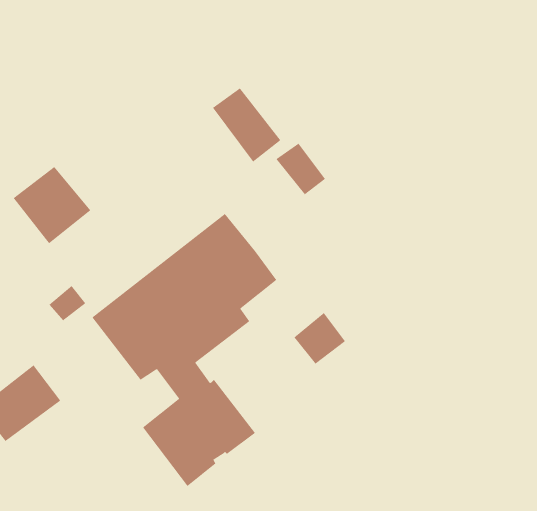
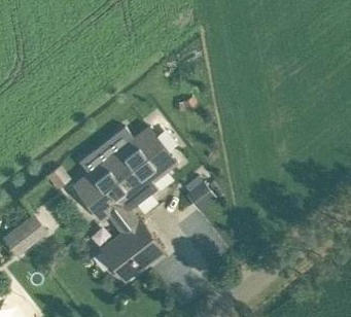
building: [212,87,281,162] -> none
building: [13,166,91,244] -> none

